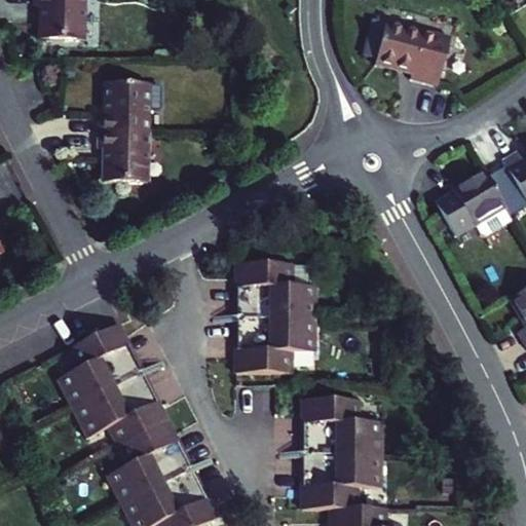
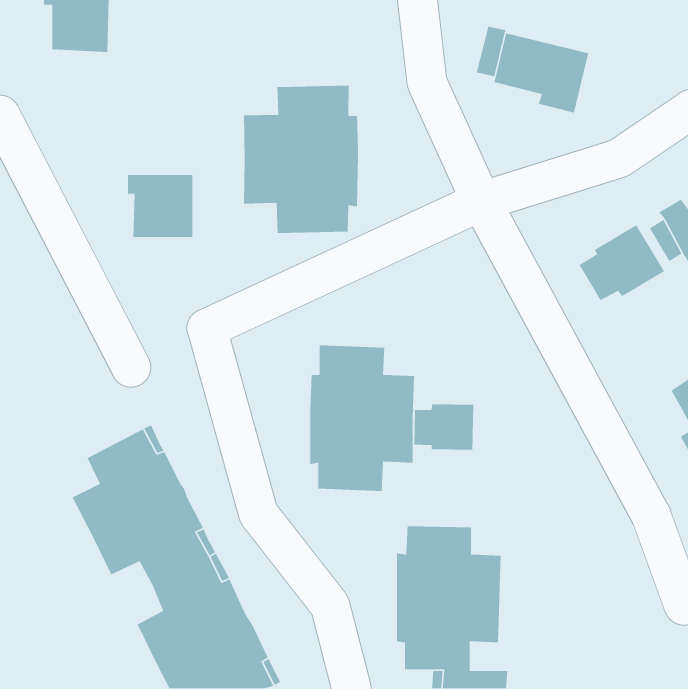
building: none -> [243,85,359,234]
building: [99,82,150,133] -> none
building: none -> [414,403,474,450]

